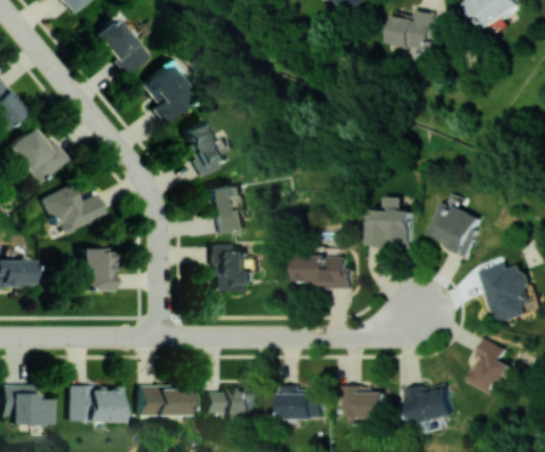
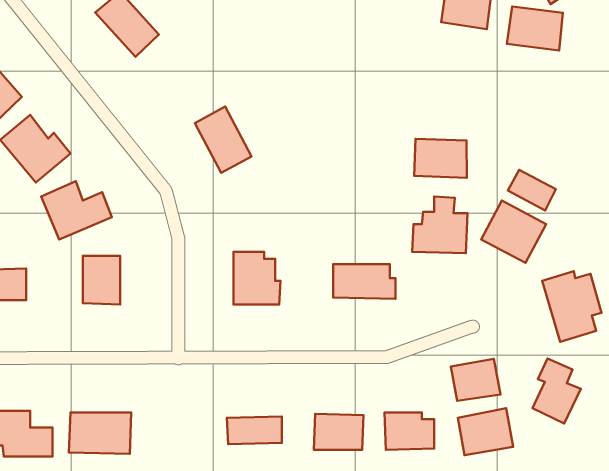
building: none -> [507,6,563,50]
building: [140,63,193,122] -> none
building: none -> [414,139,467,178]
building: none -> [508,170,556,210]
building: [205,185,245,233] -> none
building: none -> [451,359,500,401]
building: [137,387,186,416] -> none

